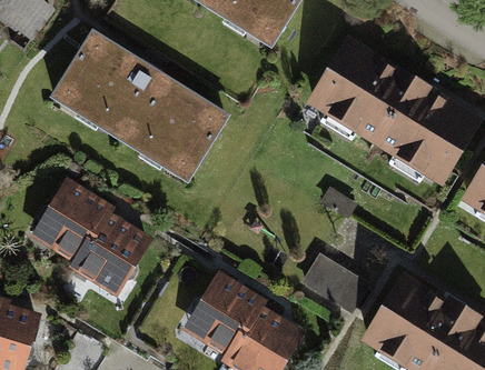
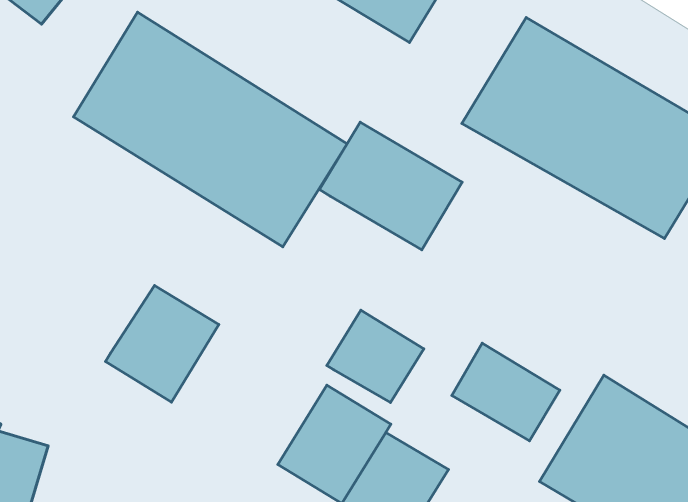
building: none -> [320,122,462,250]
building: [36,179,109,254] -> none
building: none -> [327,310,424,403]

